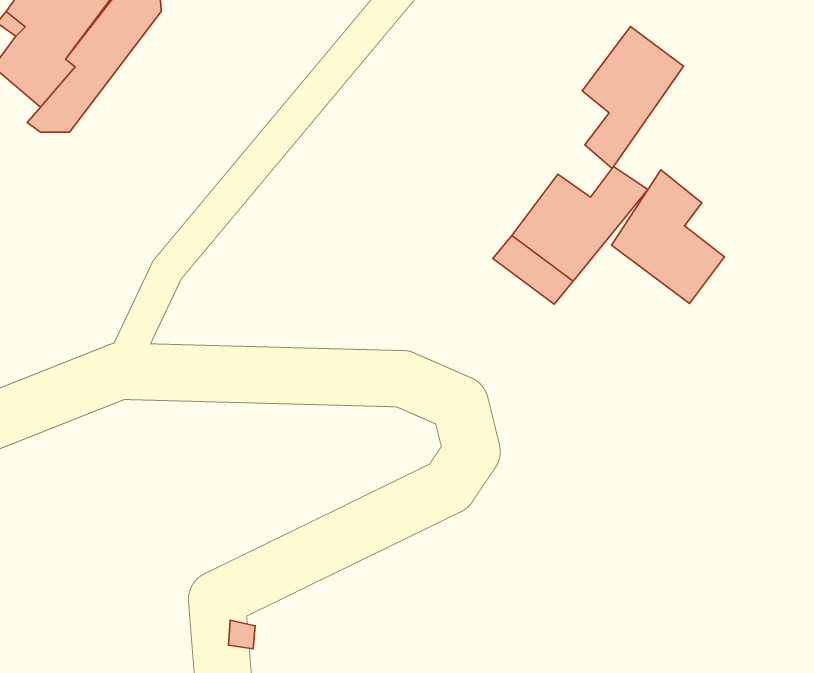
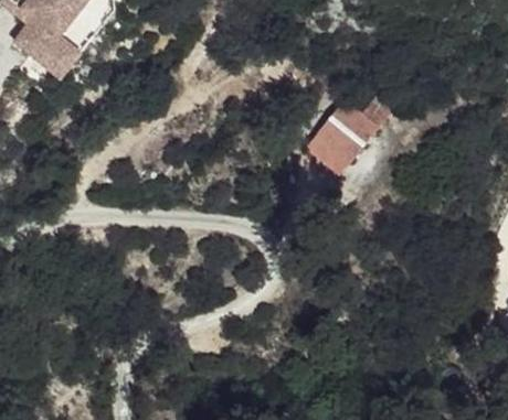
building: [582,26,684,168] -> none
building: [612,170,724,303] -> none

